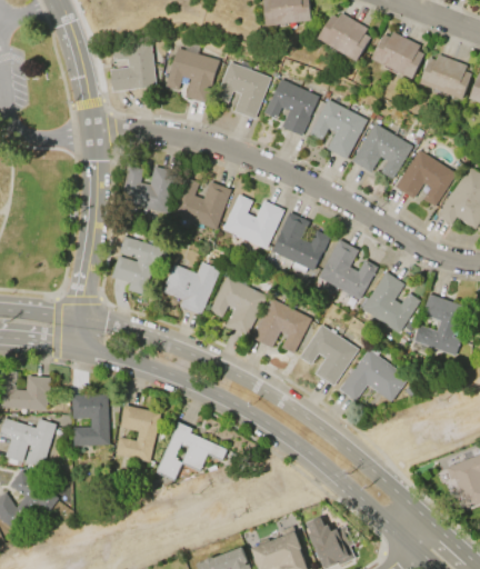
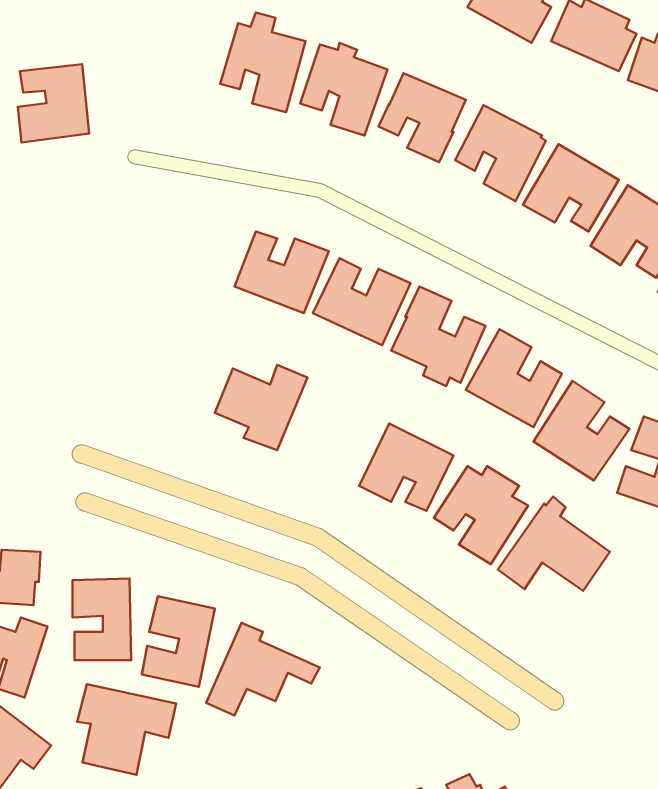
building: [110,42,154,91] -> [18,64,89,142]
building: [122,166,178,213] -> none
building: [111,236,168,296] -> none
building: [208,276,266,336] -> none
building: none -> [77,684,176,775]

